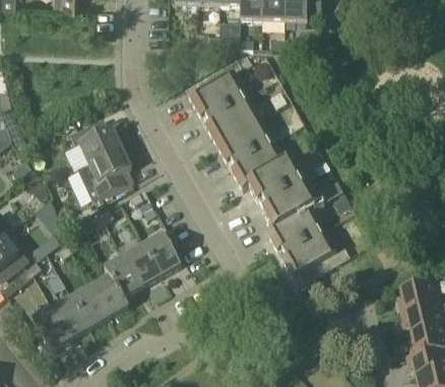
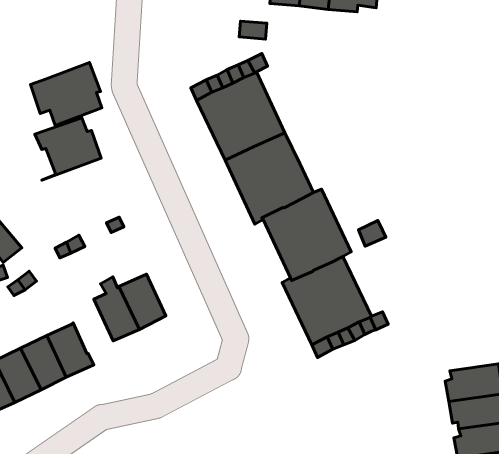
building: [78,147,134,197] -> [30,63,102,125]
building: [105,255,142,297] -> none

